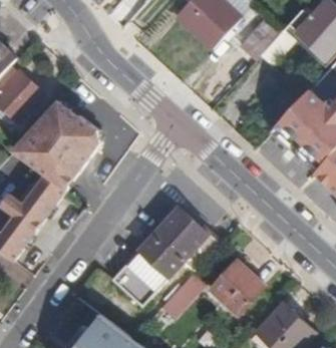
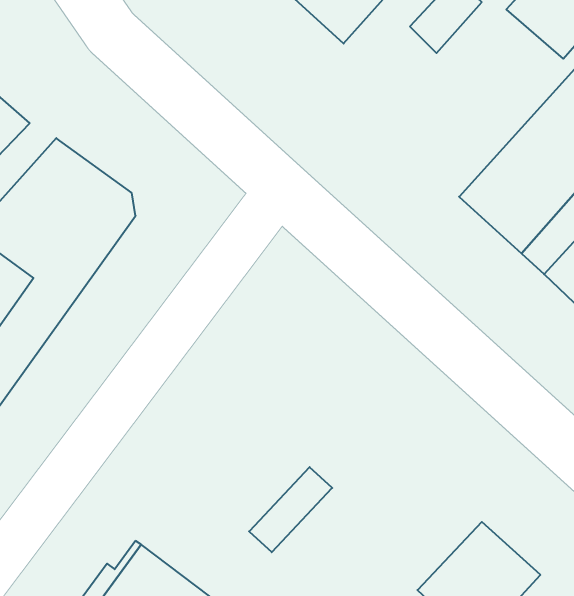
building: [111,208,208,307] -> none
building: [211,260,264,313] -> none

